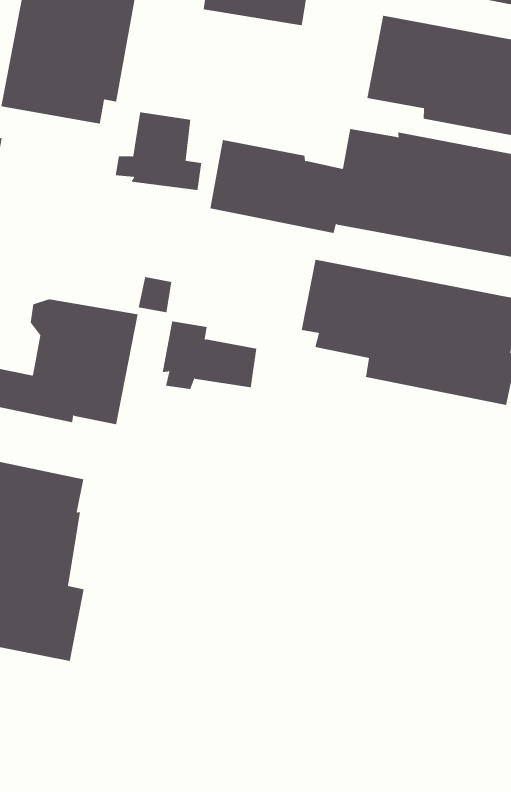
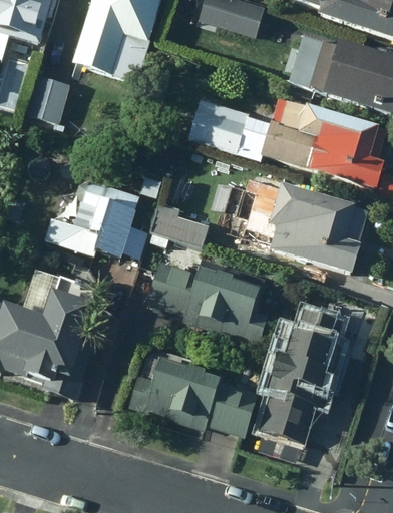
building: [115,112,202,191] -> none
building: none -> [146,256,270,344]
building: none -> [259,308,342,443]
building: none -> [127,354,258,436]

